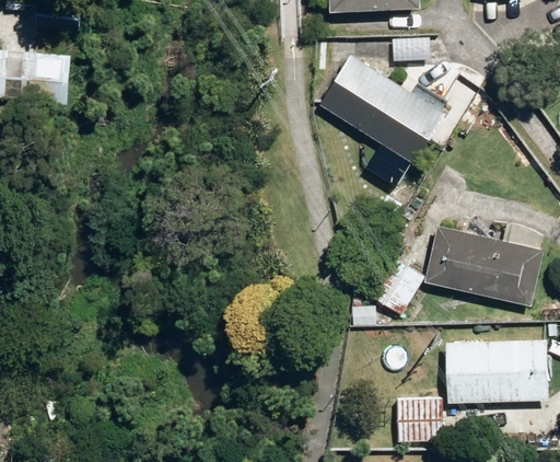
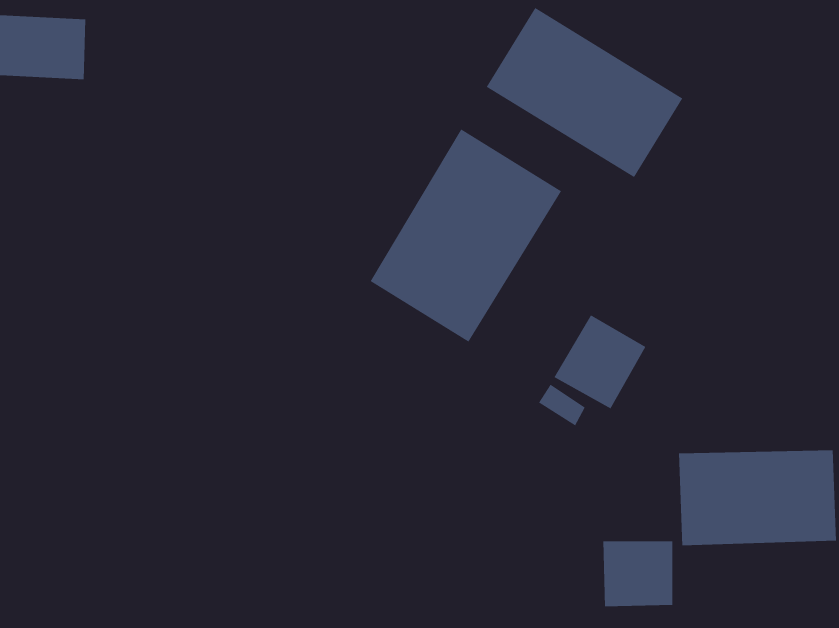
building: none -> [370,128,562,343]
building: [424,222,544,305] -> none

